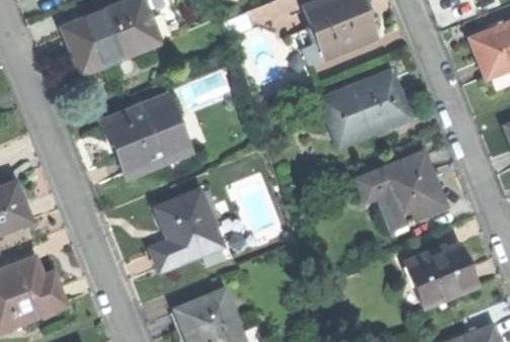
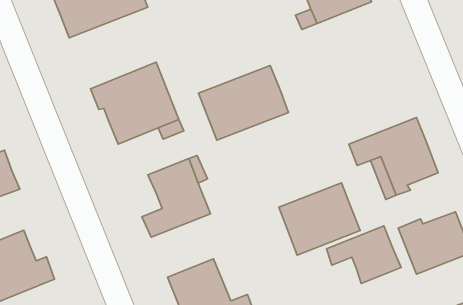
building: [320,70,409,144] -> [198,66,289,140]
building: none -> [279,183,360,255]
building: none -> [326,226,401,283]

